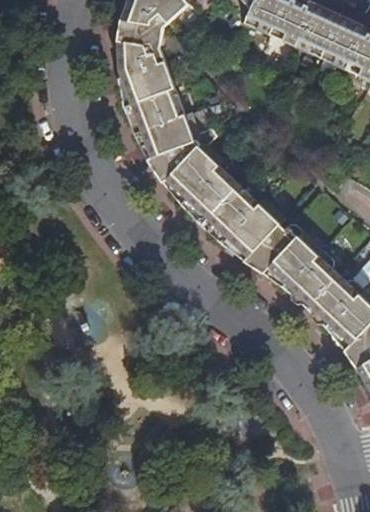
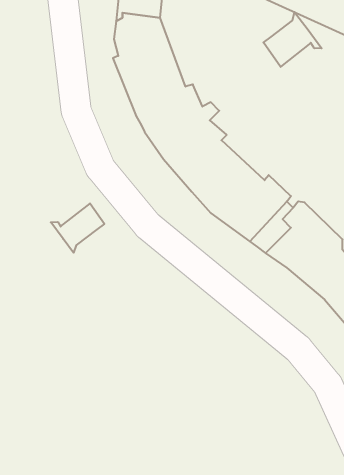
building: none -> [263,12,322,67]
building: none -> [51,203,104,253]

